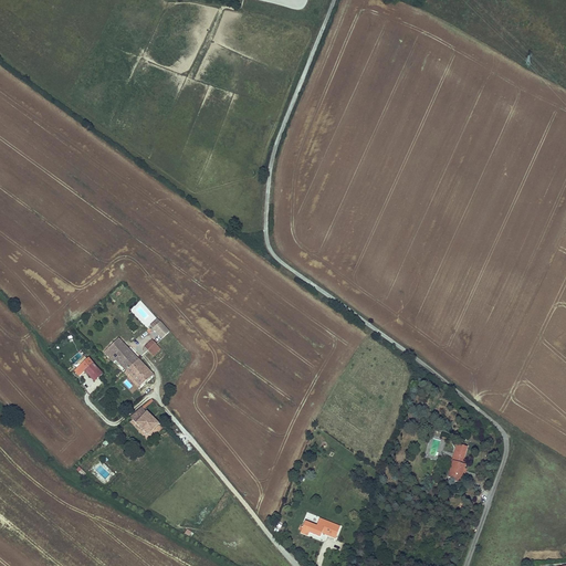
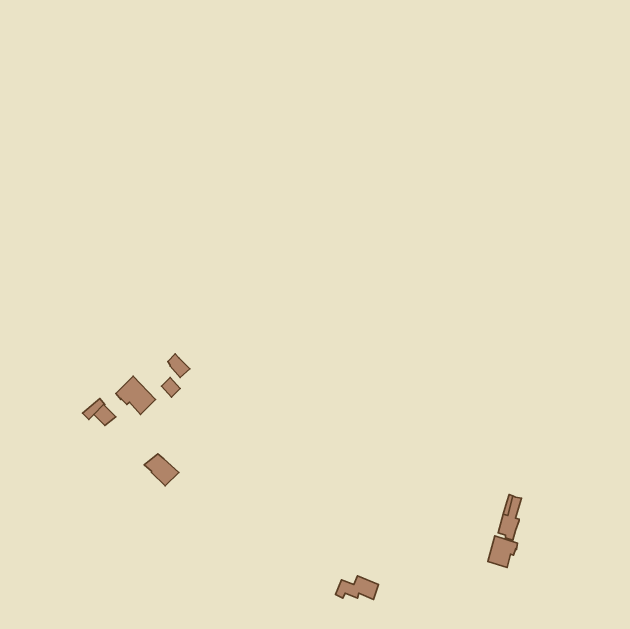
building: [124,358,155,387] -> none
building: none -> [488,536,517,567]

